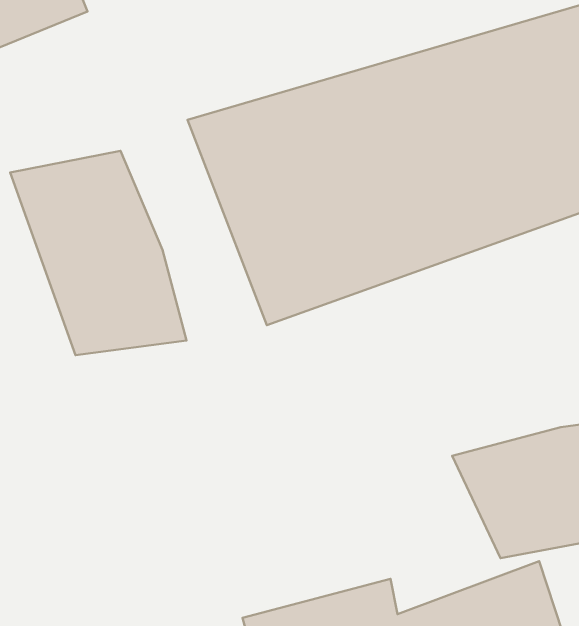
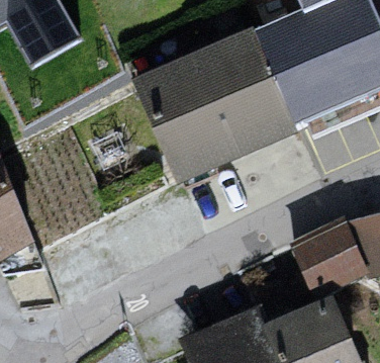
building: [10,151,187,355] -> none

